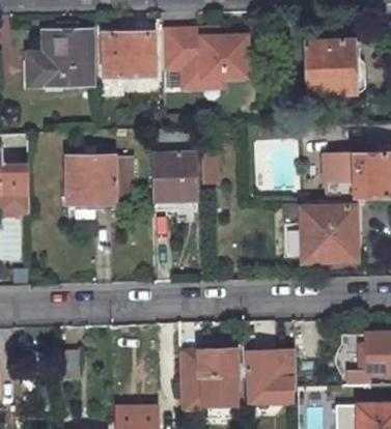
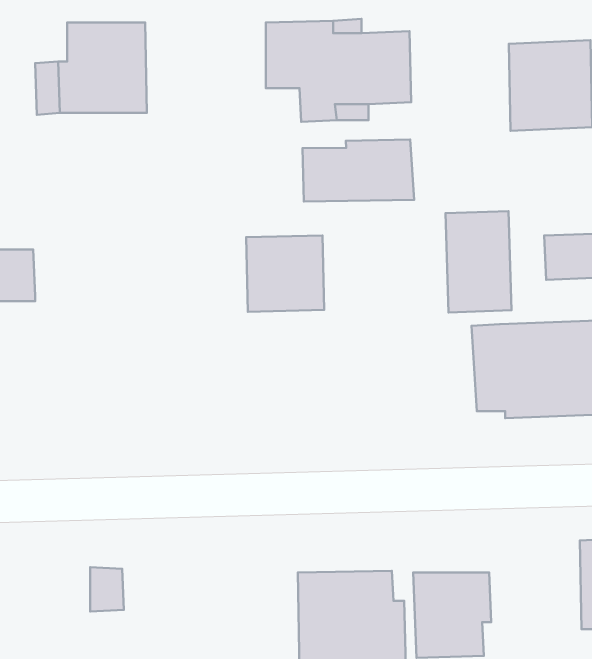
building: [104,35,156,76] -> none
building: none -> [302,140,414,201]
building: none -> [445,211,512,312]
building: [67,154,133,203] -> none

